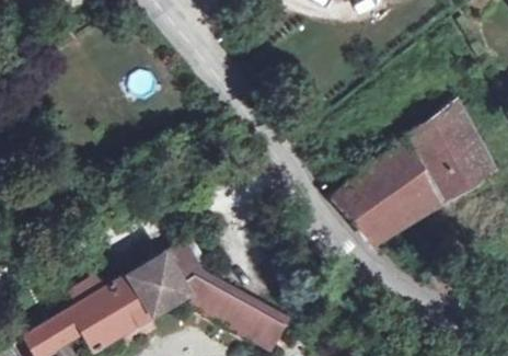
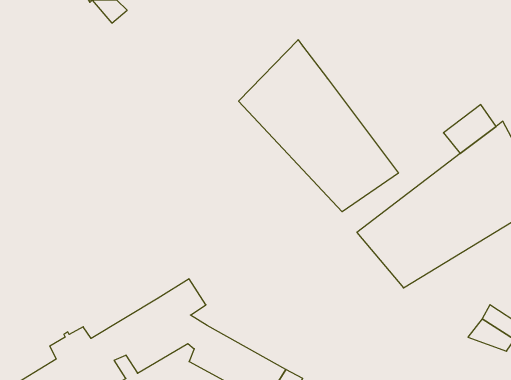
building: none -> [239,40,398,212]

